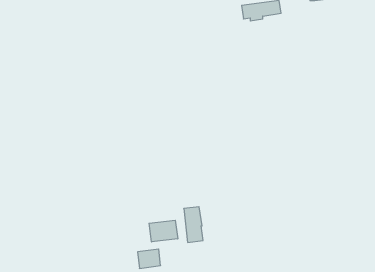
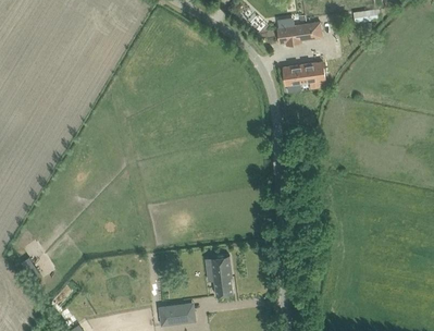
building: none -> [282,61,325,87]
building: [149,220,178,242] -> none

